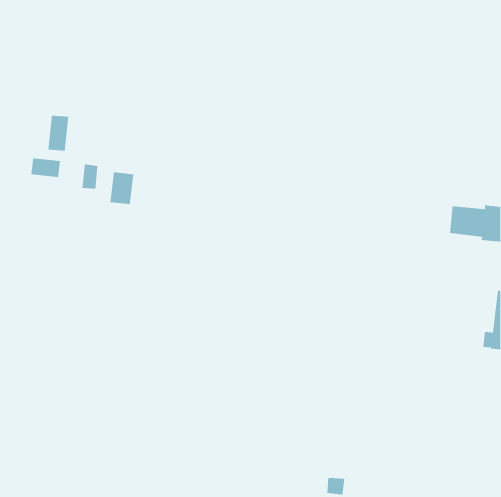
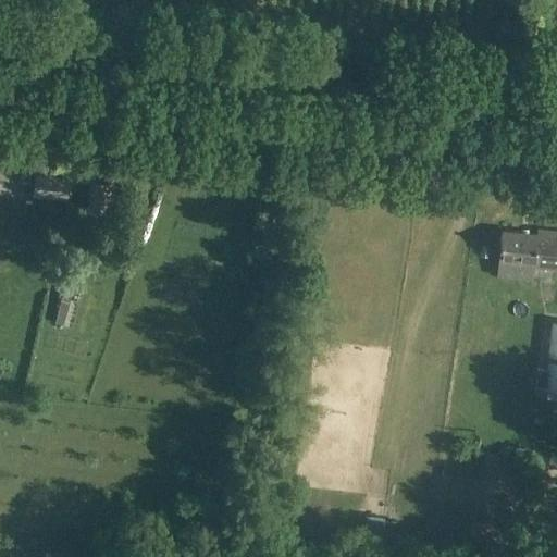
building: [48,115,69,152] -> none
building: [110,171,134,205] -> none

